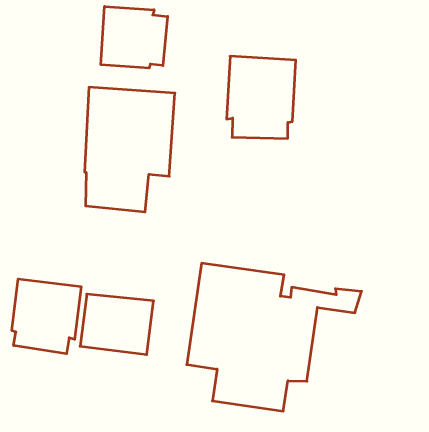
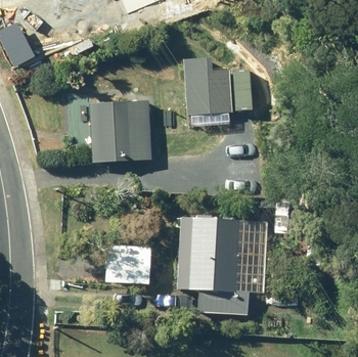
building: [101,6,168,68] -> none
building: [12,279,81,354] -> none

